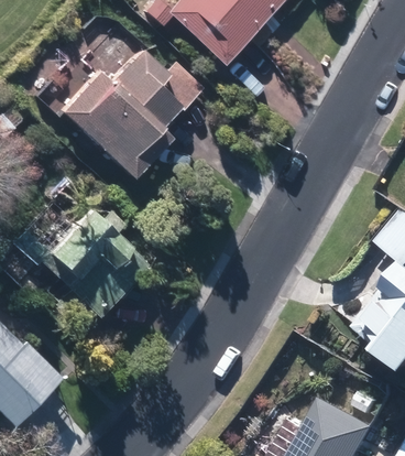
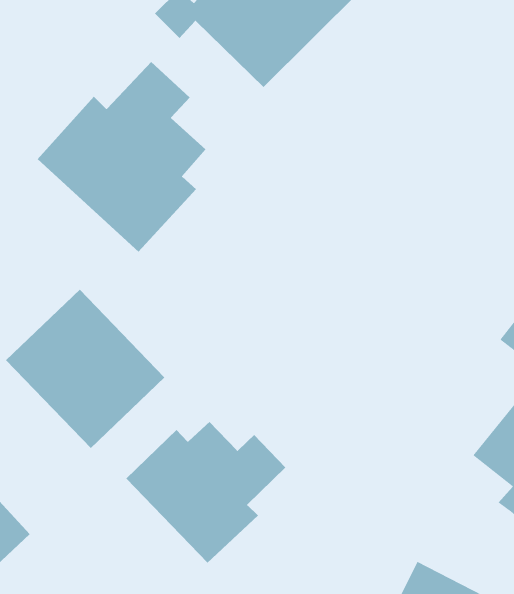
building: none -> [125,421,286,564]

